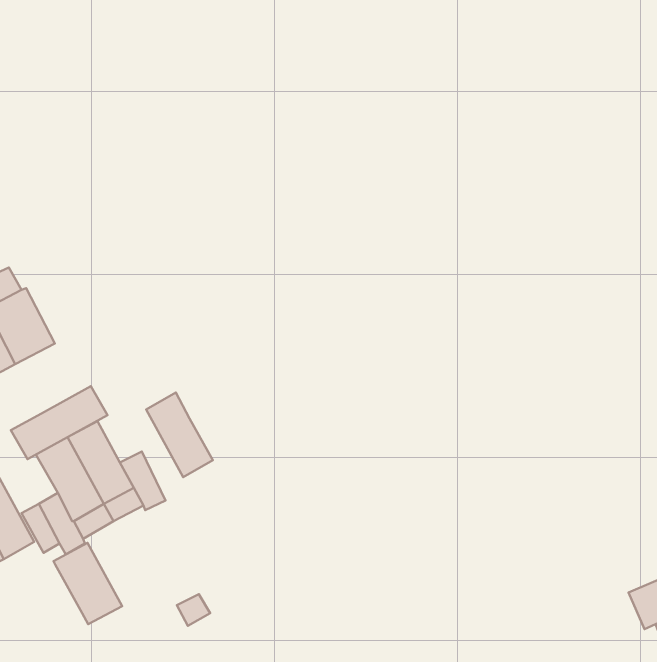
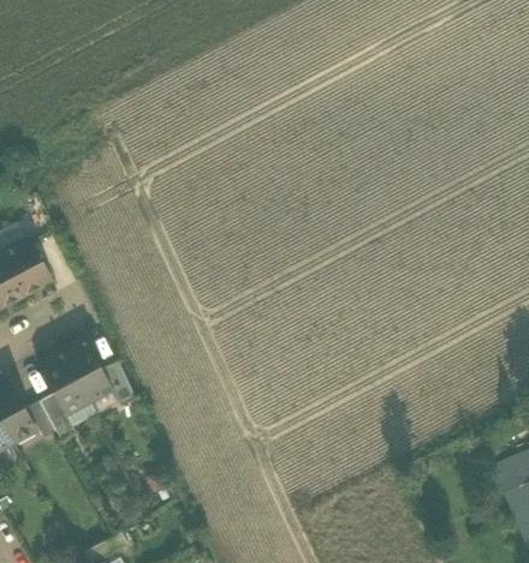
building: [11,386,107,459] -> none
building: [146,392,213,477] -> none
building: [54,543,122,624] -> none

